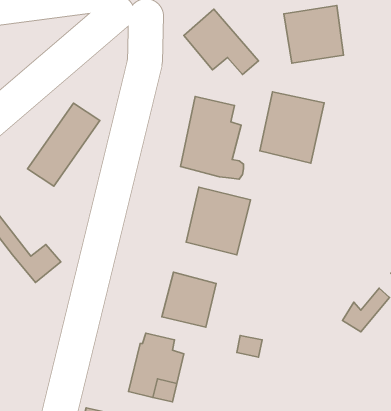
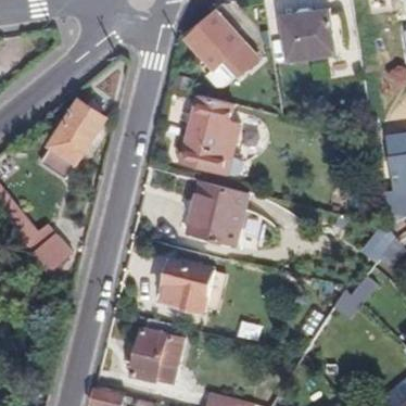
building: [260,92,324,163] -> none

